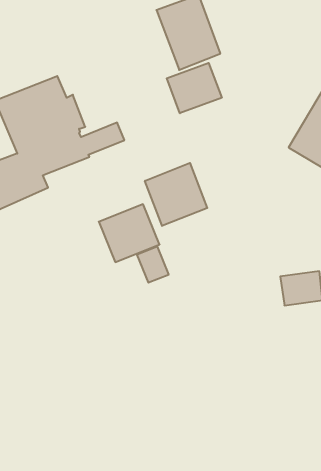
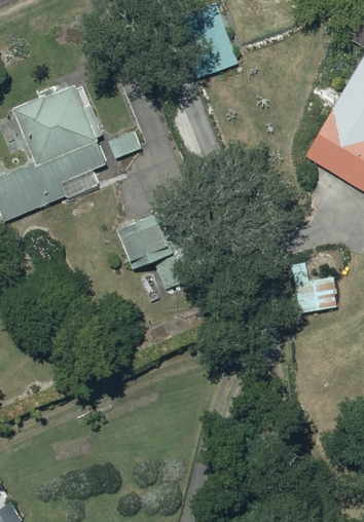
building: [167,63,222,113] -> none
building: [145,163,207,226] -> none

